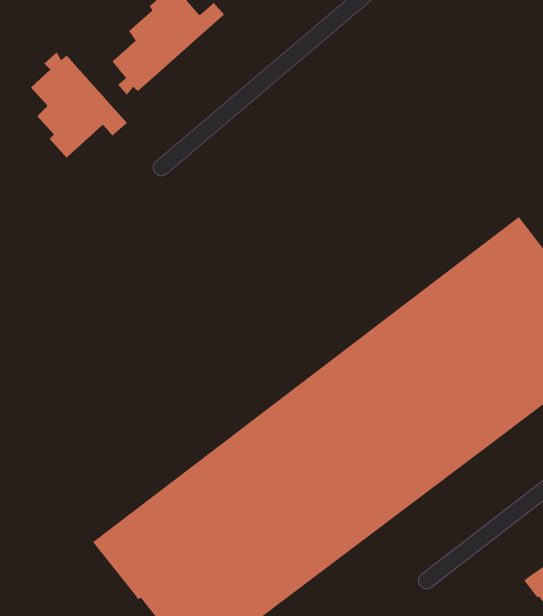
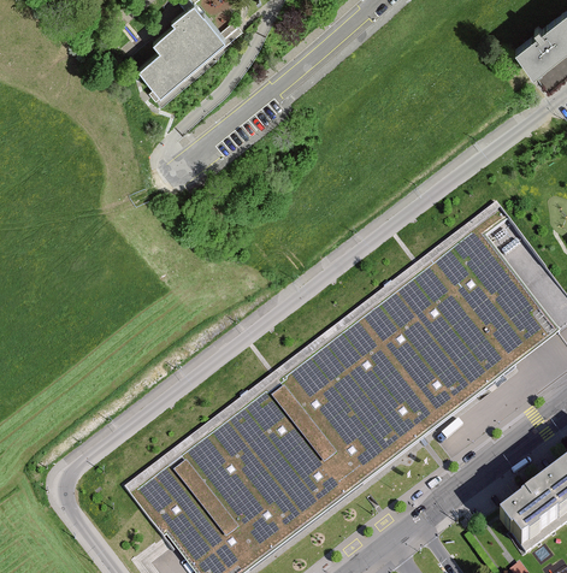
building: [30,51,128,159] -> none

